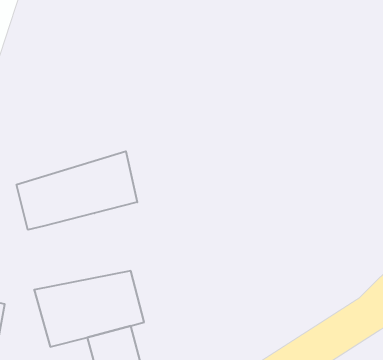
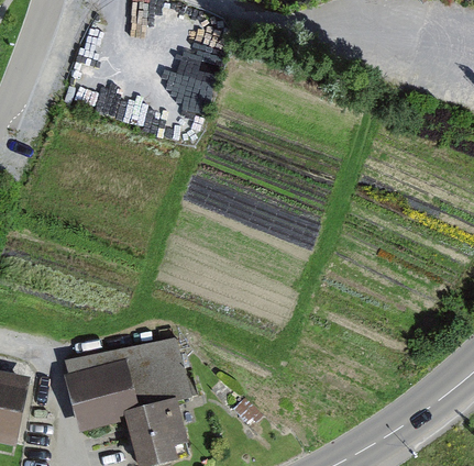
building: [17,151,137,230] -> none

